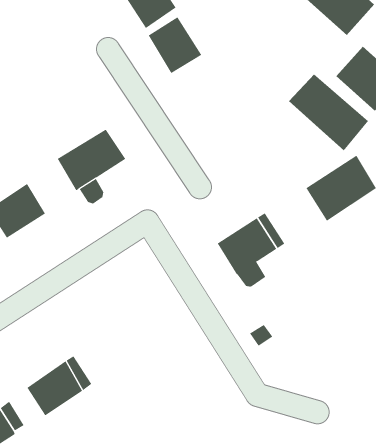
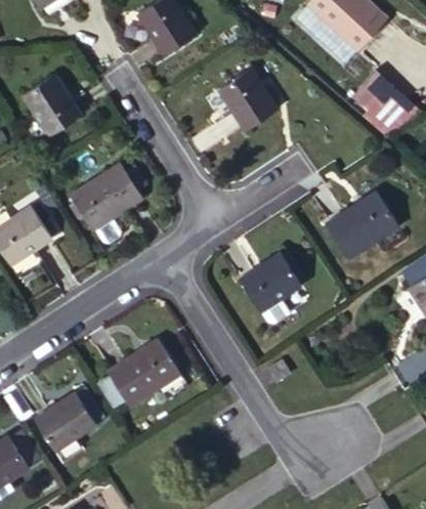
building: [148,16,202,74] -> [217,74,272,132]
building: none -> [29,67,89,130]
building: [288,73,369,151] -> none
building: none -> [108,343,177,406]

